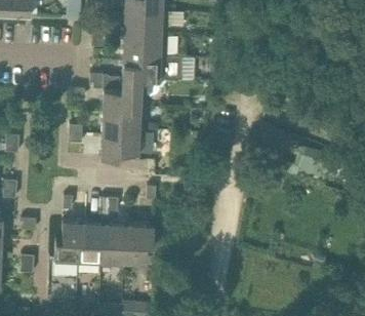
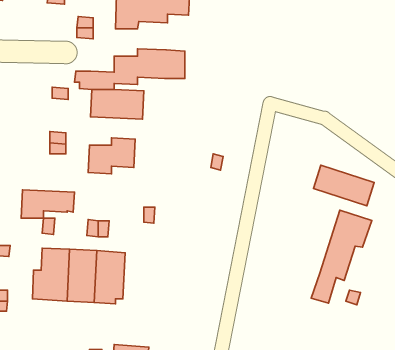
building: [123,33,167,62] -> none
building: [103,112,147,135] -> [21,190,74,218]
building: none -> [311,210,372,303]
building: [130,225,155,264] -> none

